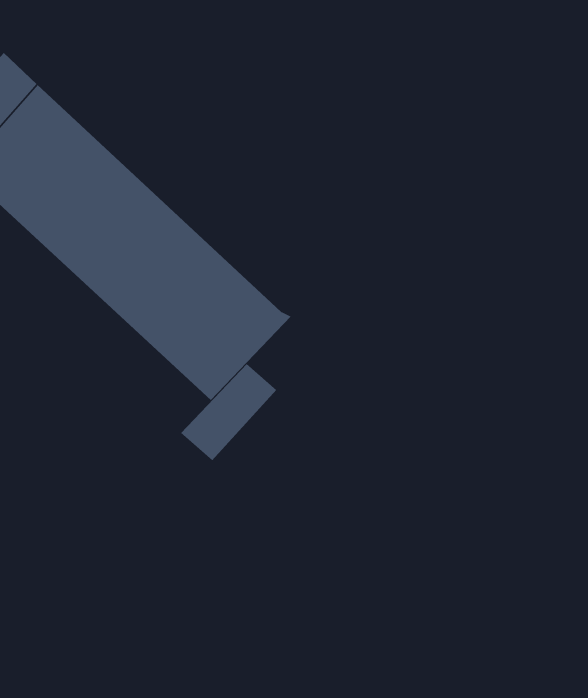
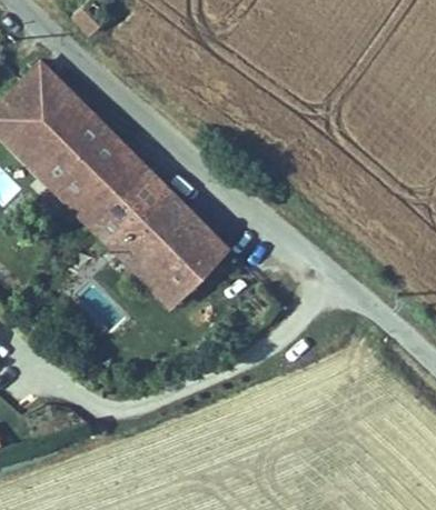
building: [180,363,277,461] -> none

